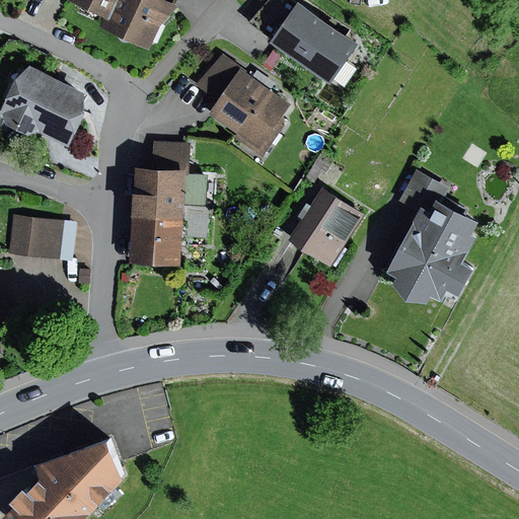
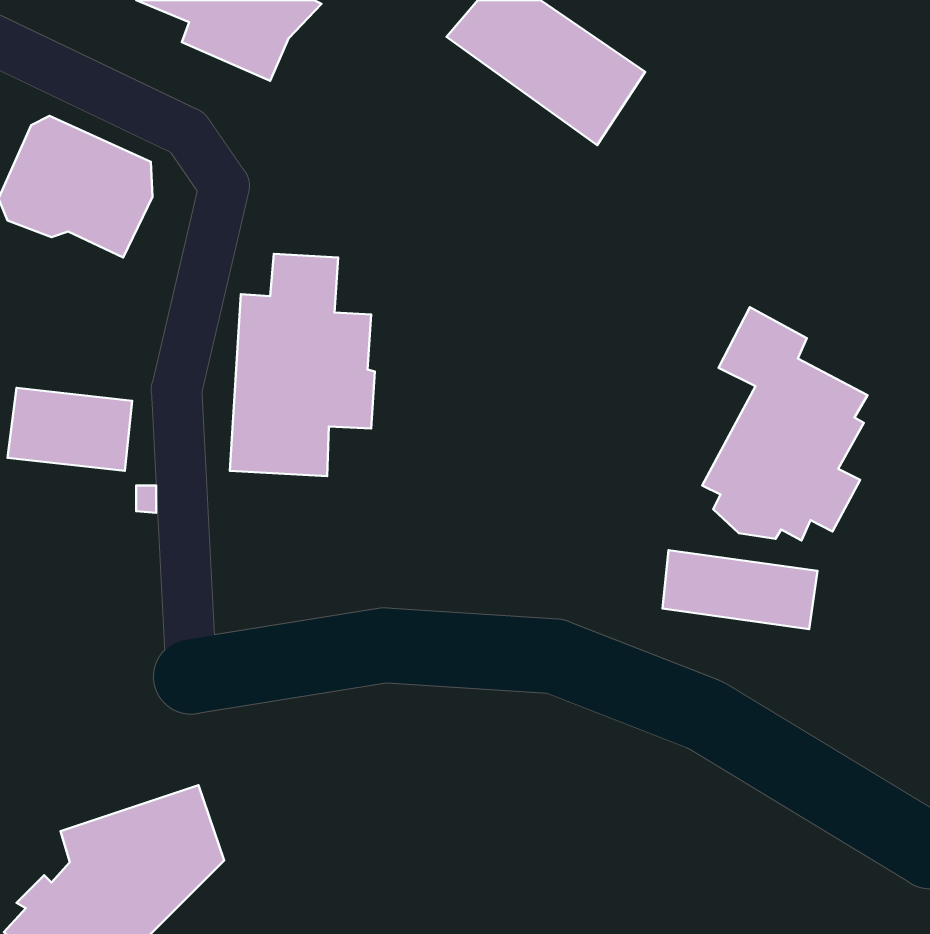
building: [194,57,294,153] -> none
building: [285,188,363,269] -> none
building: none -> [662,550,818,629]

